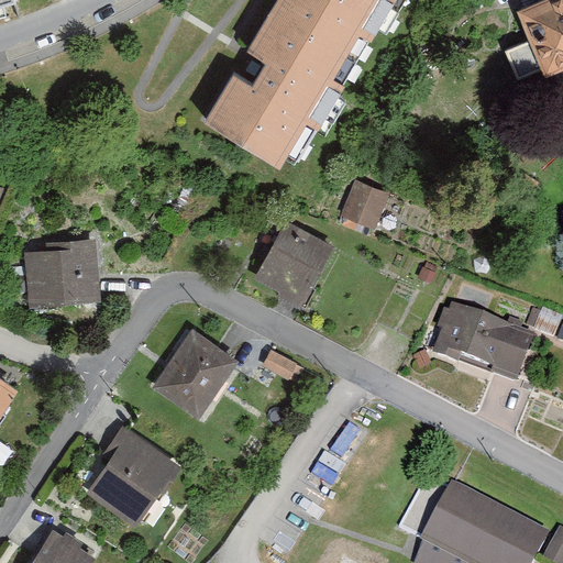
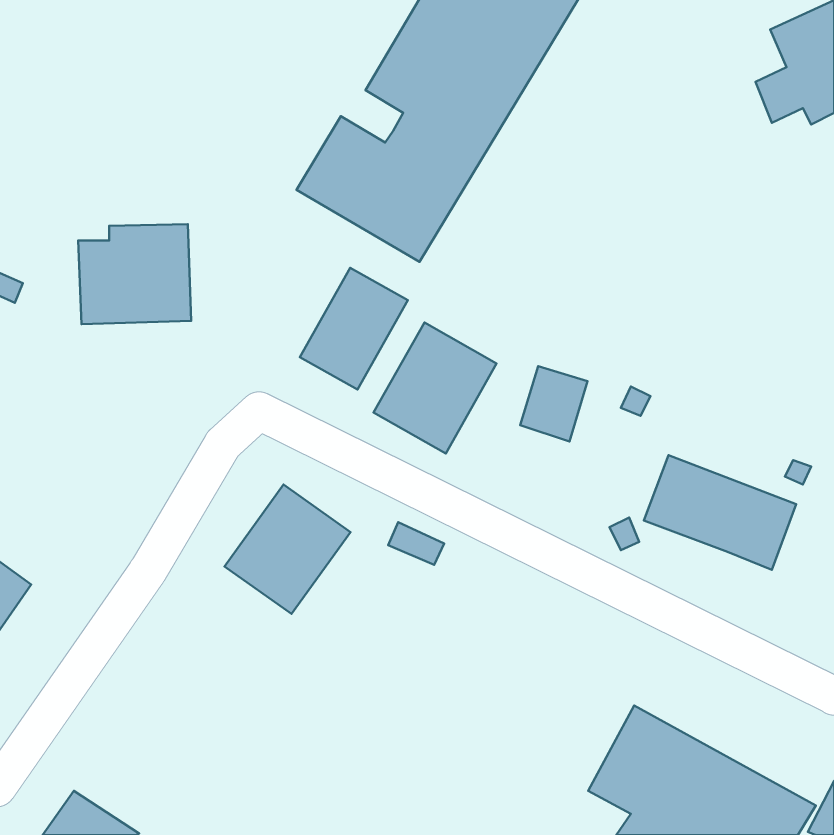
building: [339,179,384,230] -> [520,366,587,442]
building: none -> [300,268,408,389]
building: [29,239,104,306] -> [78,224,191,324]
building: [97,426,194,529] -> none

